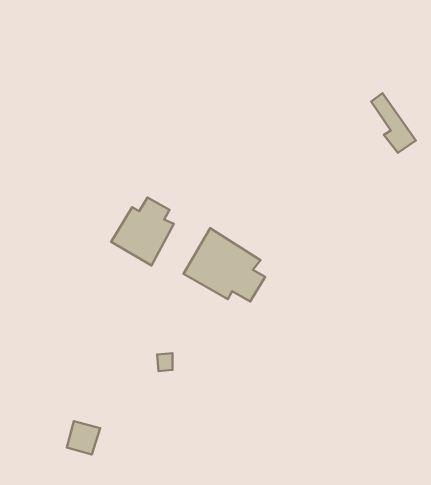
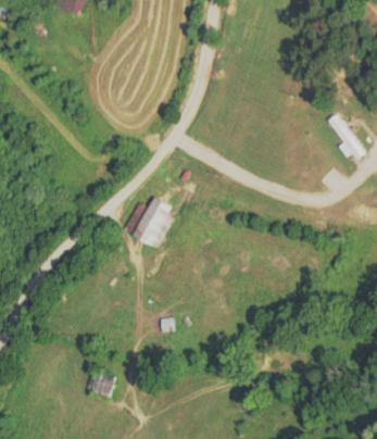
building: [183,228,265,302] -> none

